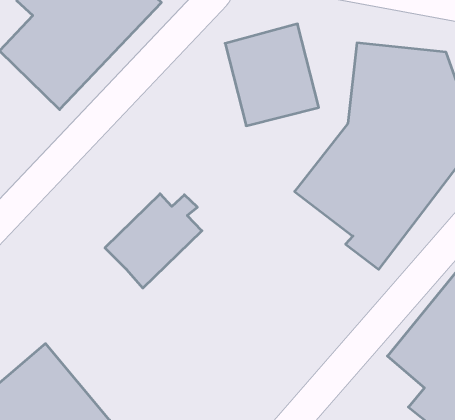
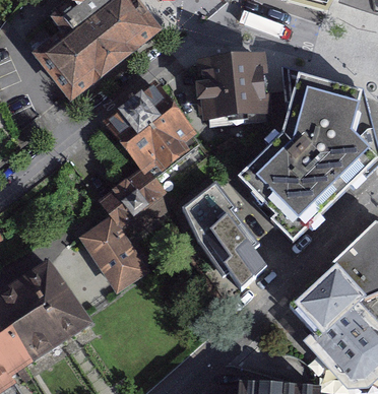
building: none -> [110,88,196,176]
building: none -> [183,182,265,288]
building: none -> [82,216,145,286]

